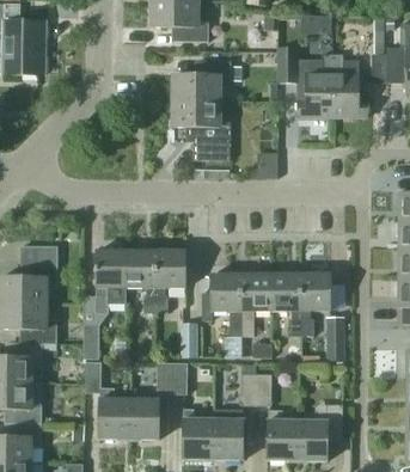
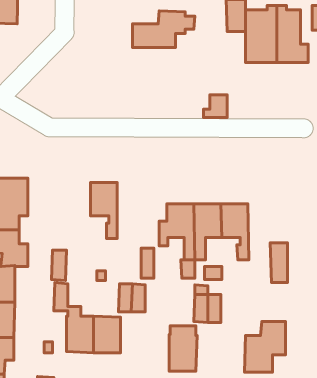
building: [172,100,230,160] -> none
building: [96,250,126,312] -> none
building: [155,250,185,312] -> none
building: [300,272,331,336] -> none
building: [183,409,213,459] -> none
building: [267,410,298,460] -> none

